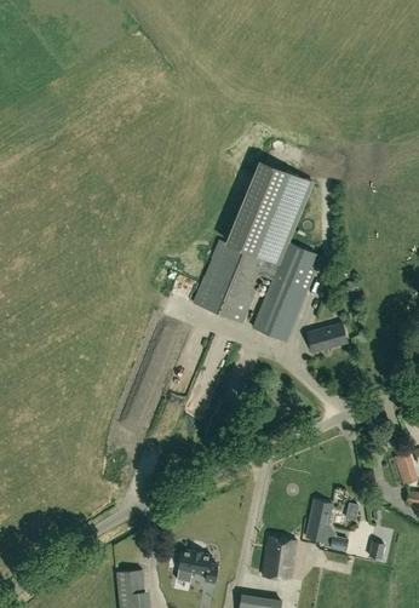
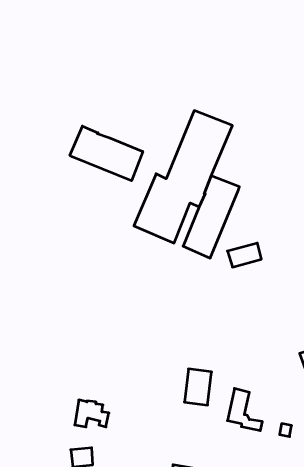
building: none -> [70,126,143,181]
building: [262,537,294,580] -> [184,369,212,405]
building: [176,549,217,581] -> [75,400,109,427]

